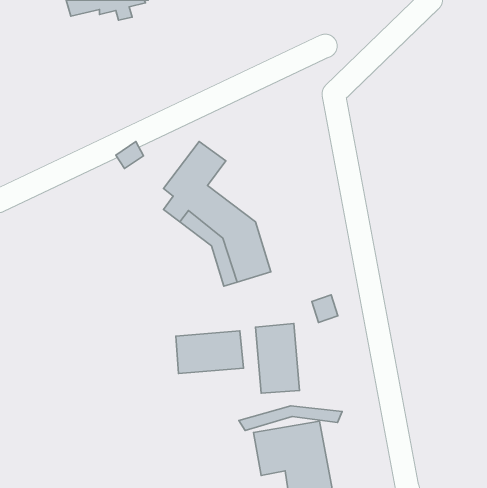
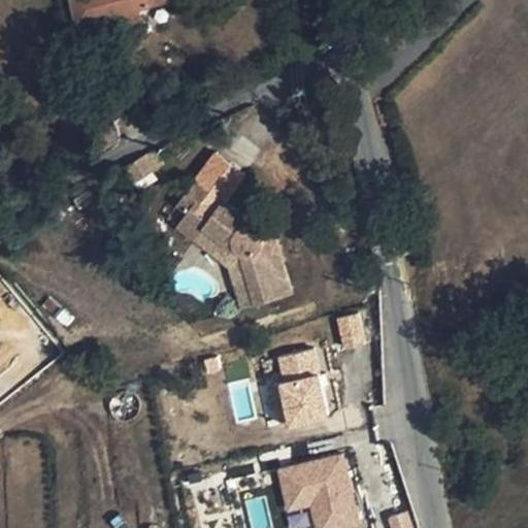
building: [176,331,243,374] -> none
building: [239,406,342,430] -> none

